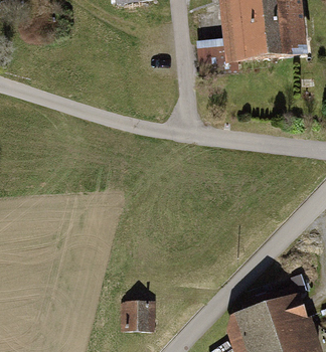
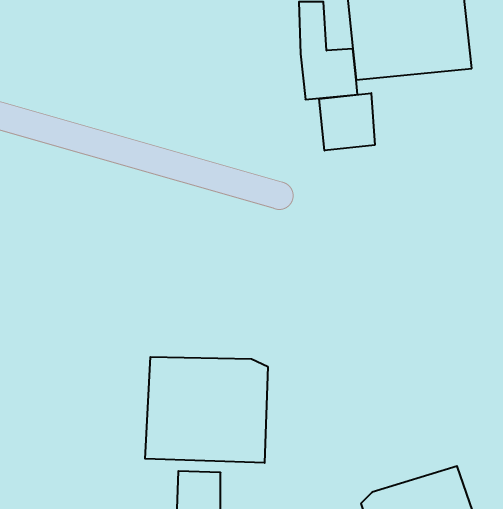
building: none -> [319,93,375,151]
building: none -> [145,357,268,463]

